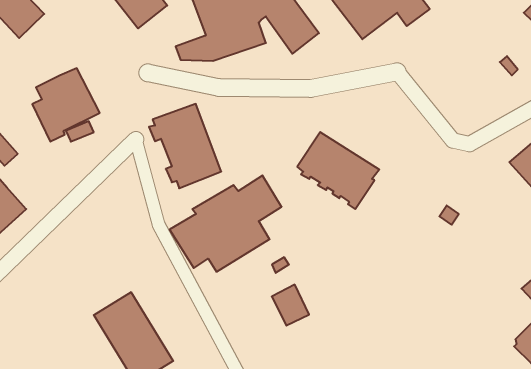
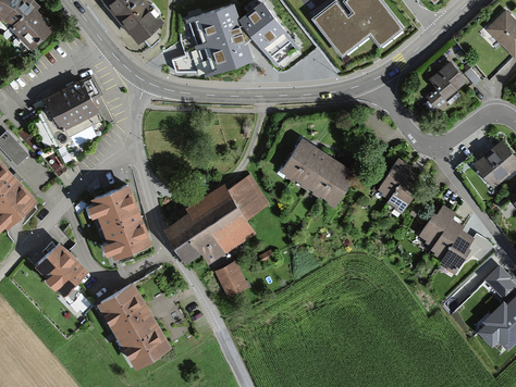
building: none -> [426,62,466,111]
building: [149,104,221,188] -> [86,183,151,259]
building: none -> [378,157,425,214]
building: none -> [417,203,476,274]
building: none -> [35,242,87,295]
building: [272,285,309,326] -> [214,262,248,299]

